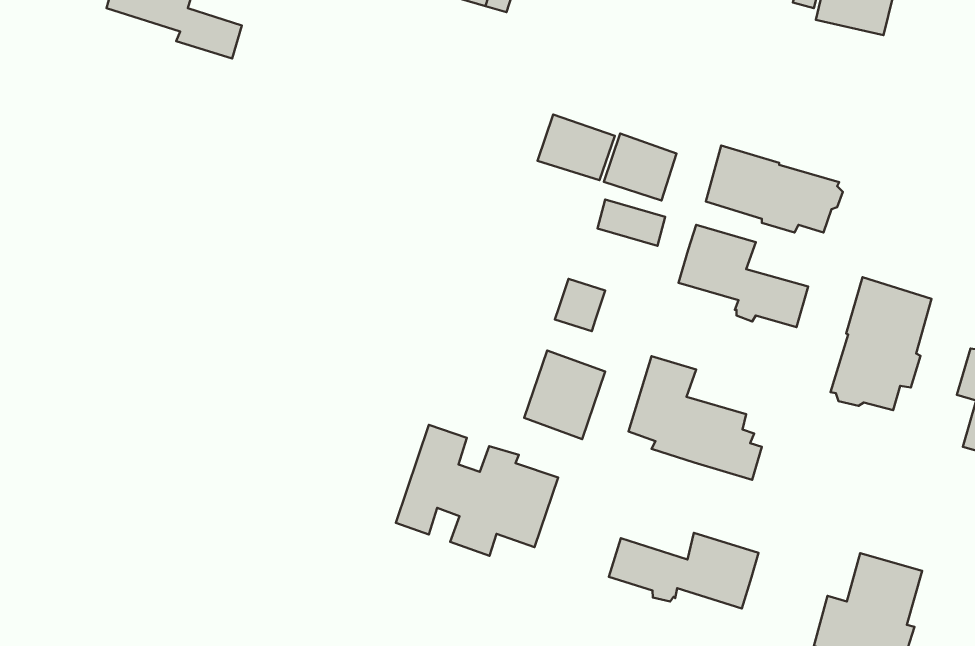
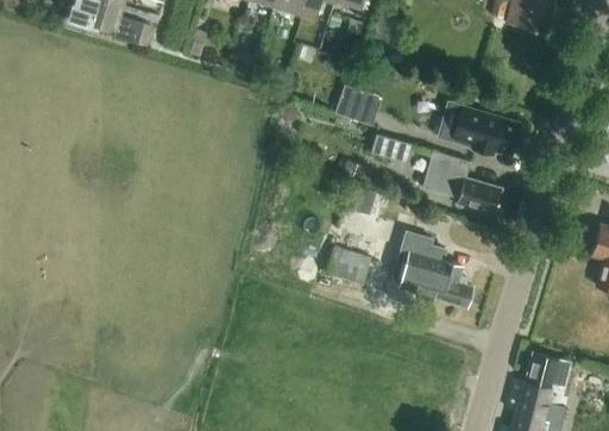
building: [604,133,677,200] -> none
building: [830,277,932,410] -> none
building: [396,425,558,556] -> none
building: [609,533,759,608] -> none

